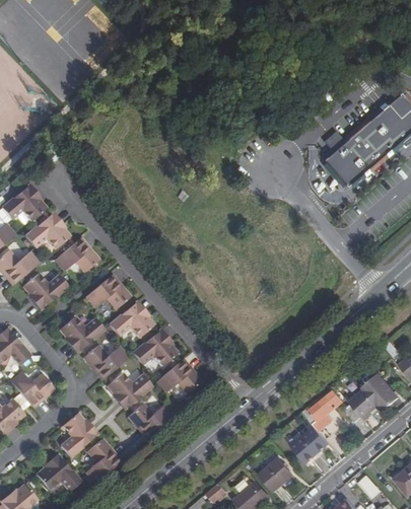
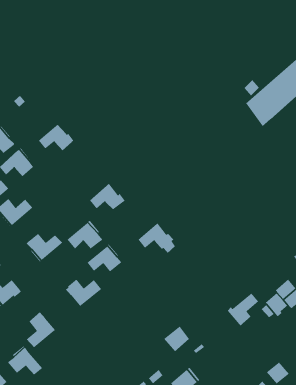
building: [54,239,98,273] -> [38,124,74,151]
building: [85,275,130,308] -> [89,183,126,210]
building: [83,344,128,378] -> none
building: [156,360,203,398] -> [137,222,176,254]
building: [128,404,173,437] -> none
building: [293,426,331,462] -> none
building: [84,439,119,483] -> none
building: [261,457,293,490] -> [163,325,190,352]

